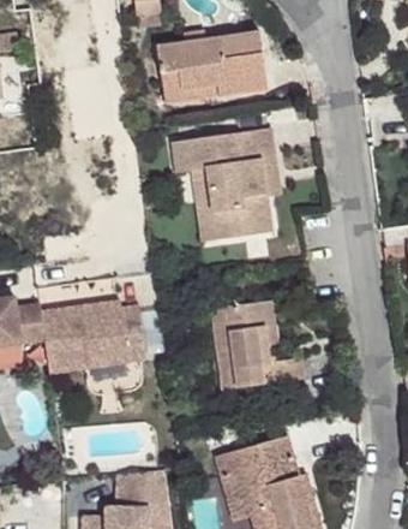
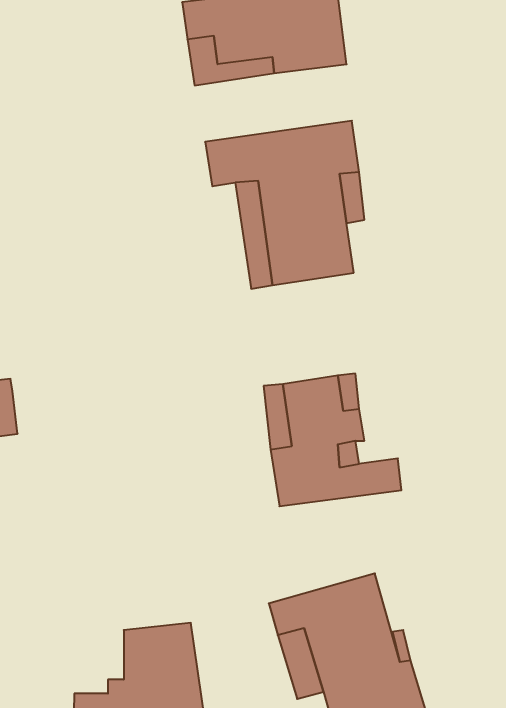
building: [41,301,146,373] -> none

